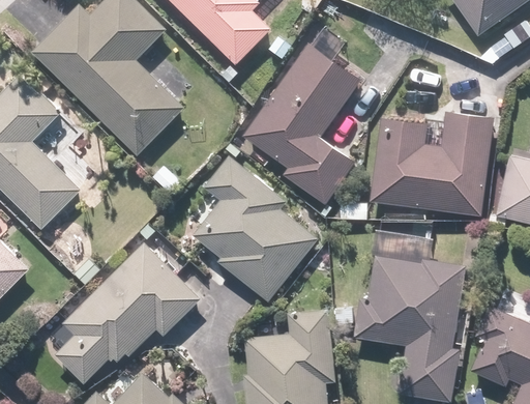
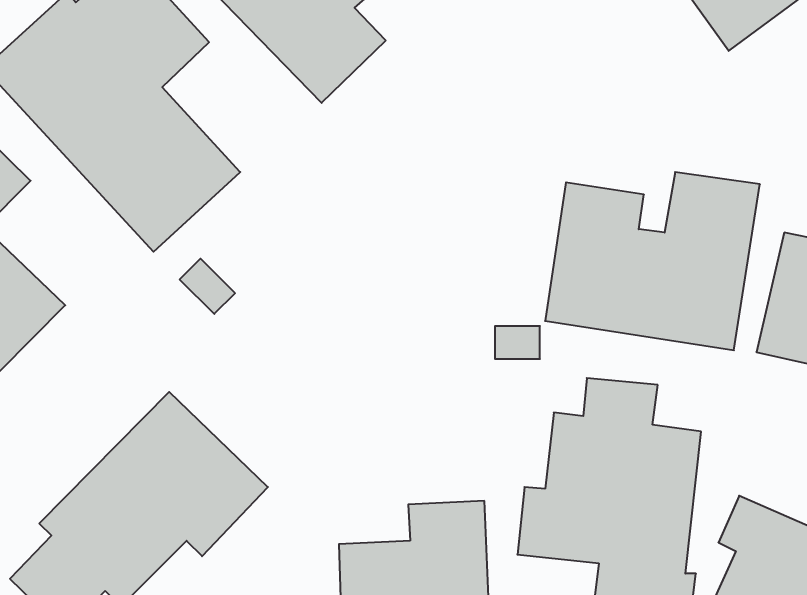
building: [240,37,367,207] -> none
building: [187,156,321,304] -> none

